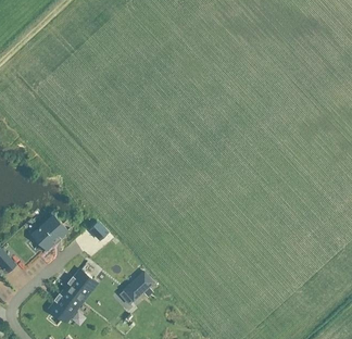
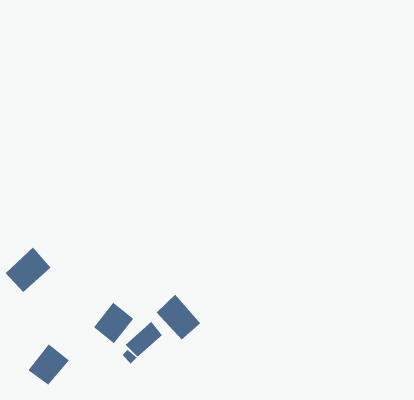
building: none -> [156,294,201,341]
building: [64,269,96,302] -> [93,302,134,344]

